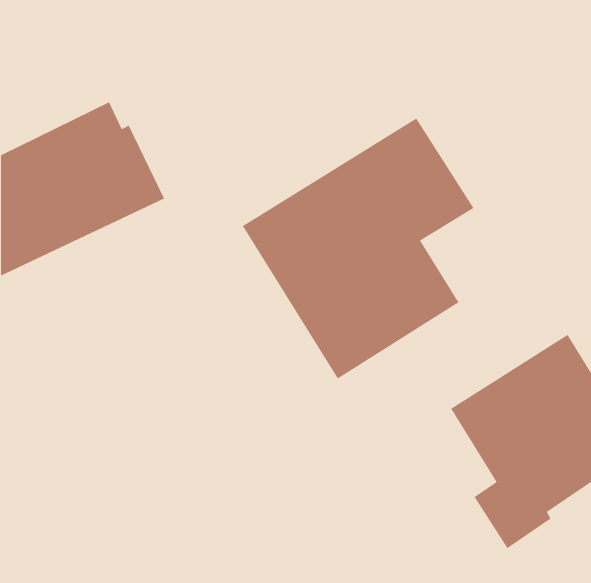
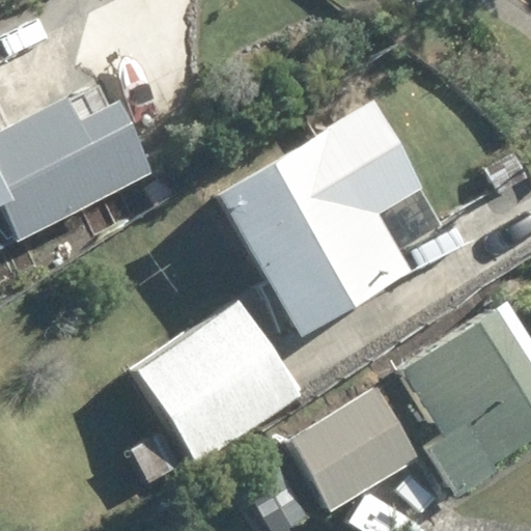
building: none -> [130,294,292,453]
building: none -> [292,389,420,510]

